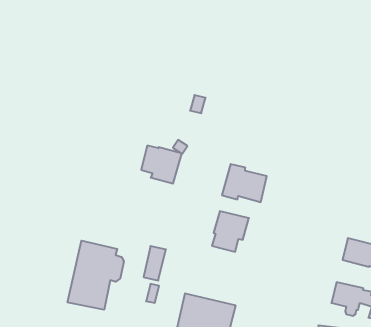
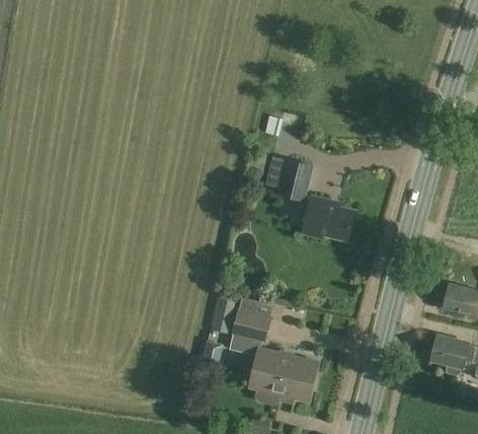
building: [141,146,182,184] -> [265,155,313,200]
building: [212,211,249,252] -> [229,307,272,355]
building: [68,241,124,310] -> none

